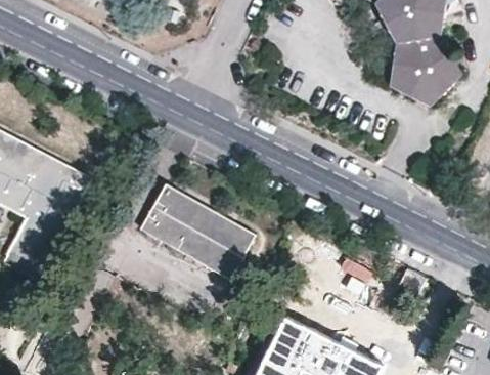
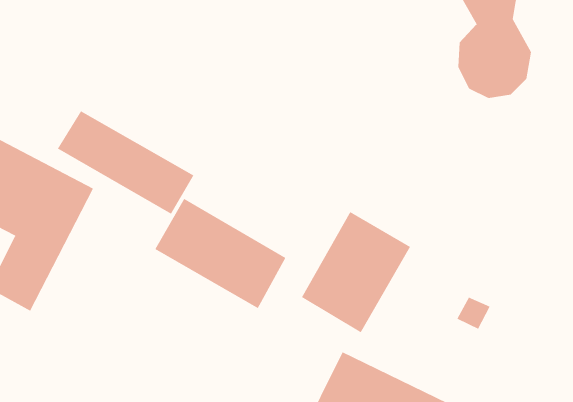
building: none -> [57,111,194,214]
building: none -> [301,211,411,333]

